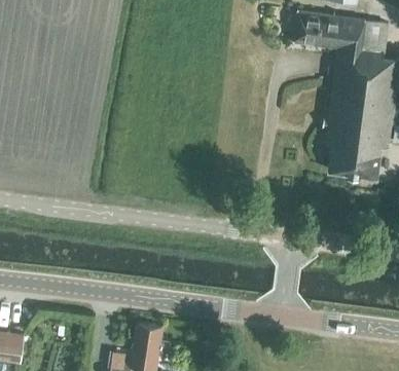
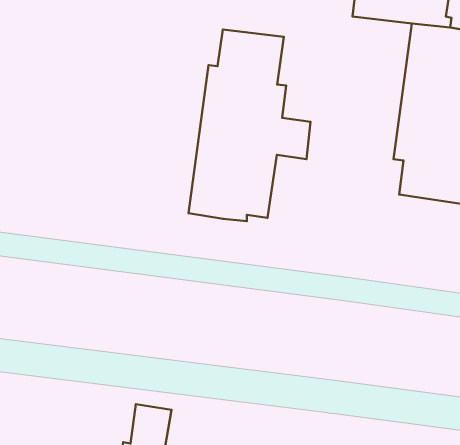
building: none -> [189,29,311,221]

